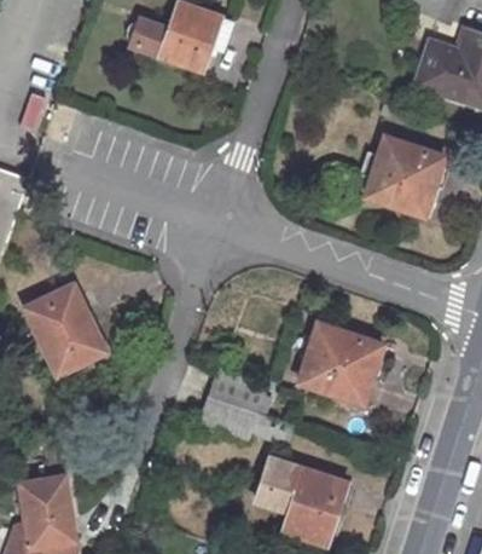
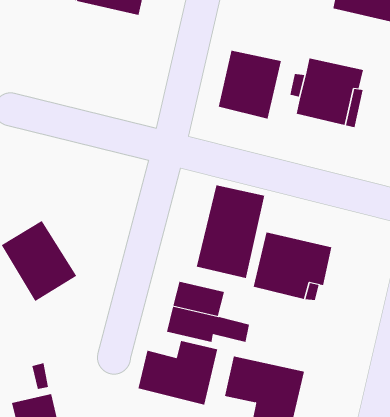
building: none -> [218,50,282,119]
building: none -> [196,185,265,279]
building: none -> [138,340,218,406]

